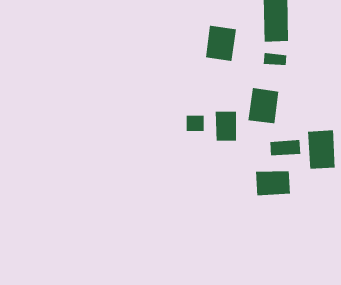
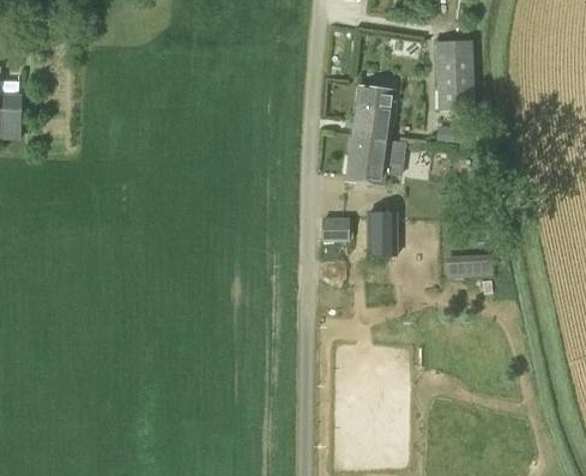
building: [247,87,279,124] -> [343,132,389,186]
building: [307,130,335,170] -> none
building: [256,170,291,196] -> none

